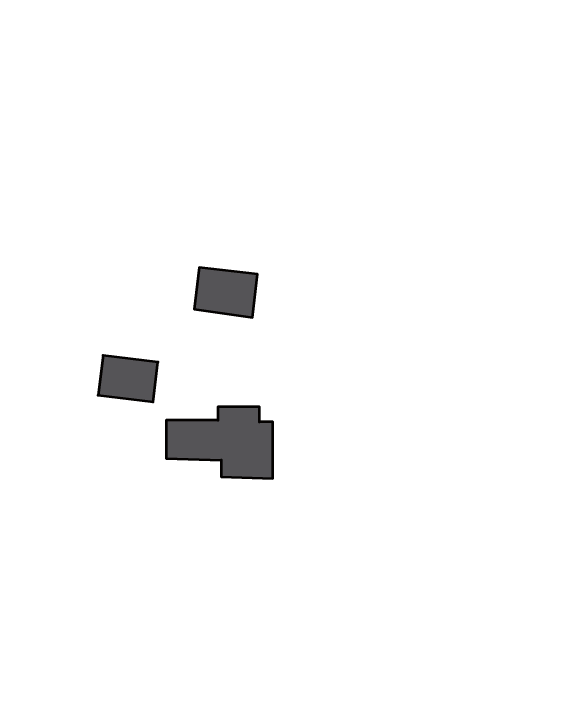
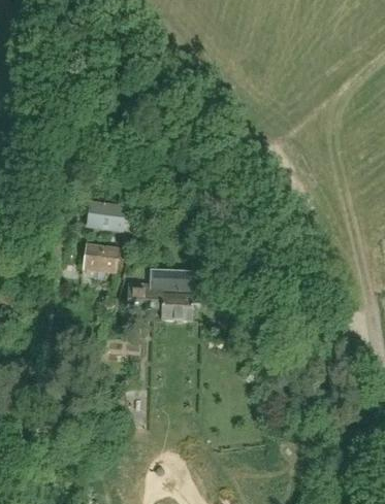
building: [194,268,257,317] -> [88,200,127,231]

